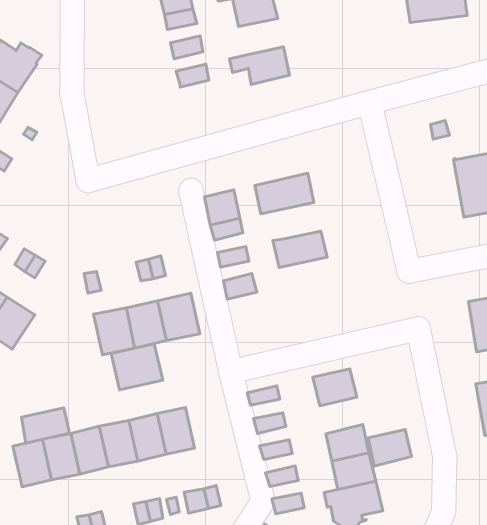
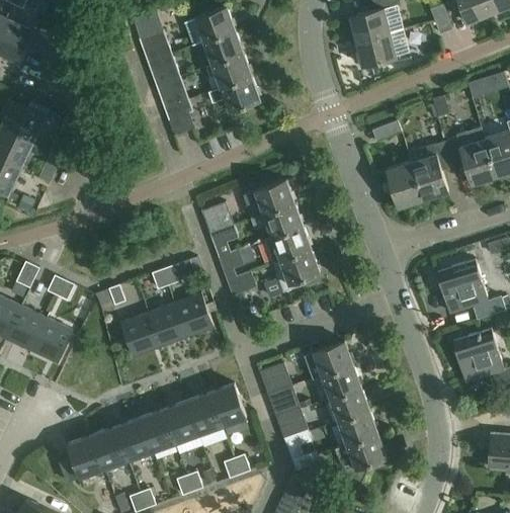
building: none -> [356,29,409,70]
building: none -> [205,53,252,87]
building: none -> [386,162,423,208]
building: none -> [250,204,304,239]
building: none -> [272,249,320,293]
building: [111,344,163,390] -> none
building: none -> [208,382,245,425]
building: [21,408,70,443] -> none
building: [368,430,411,466] -> [322,364,360,399]

